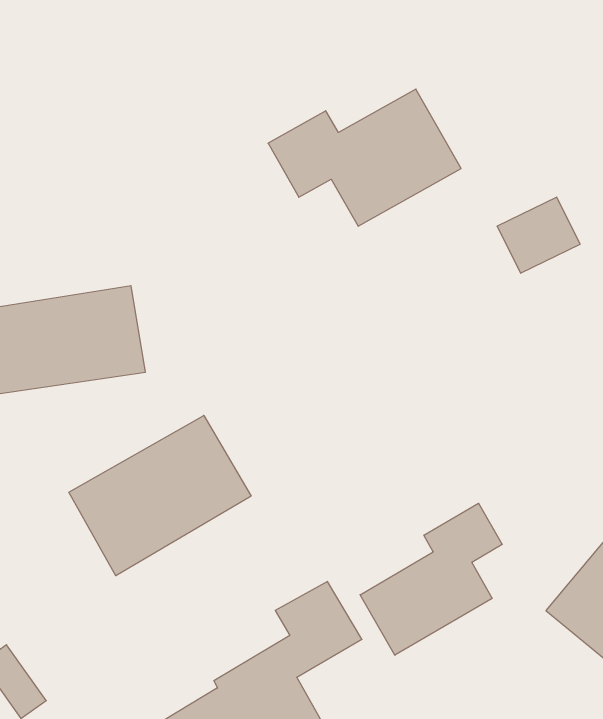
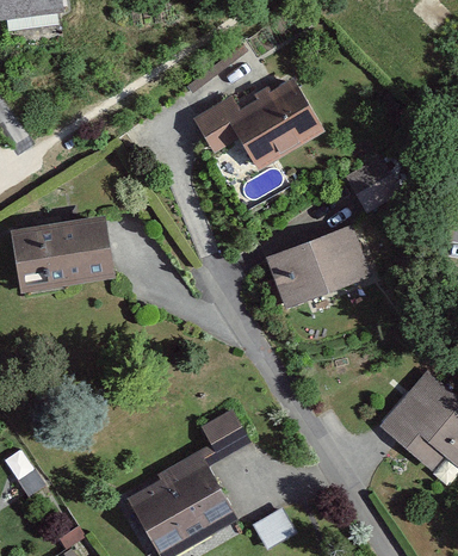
building: none -> [264,222,371,308]
building: [69,415,251,576] -> none
building: [360,503,502,655] -> none

